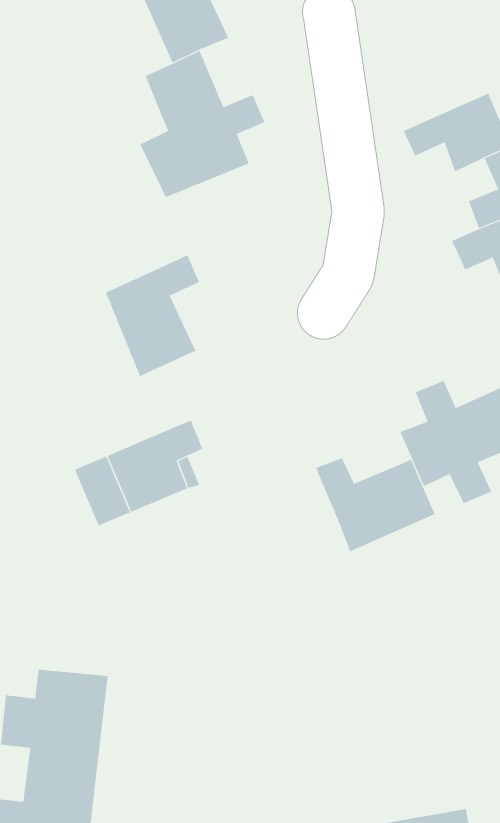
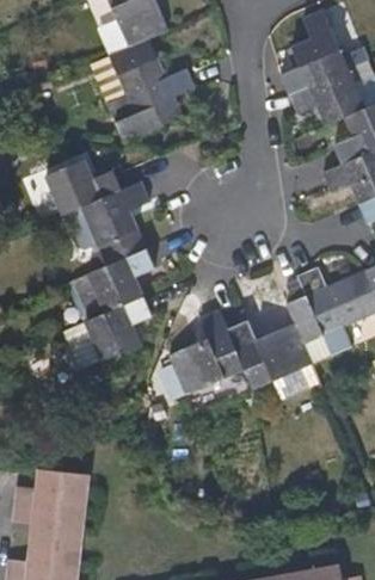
building: none -> [282,11,350,95]
building: none -> [44,160,121,216]
building: none -> [87,248,154,313]
building: none -> [168,310,246,394]

